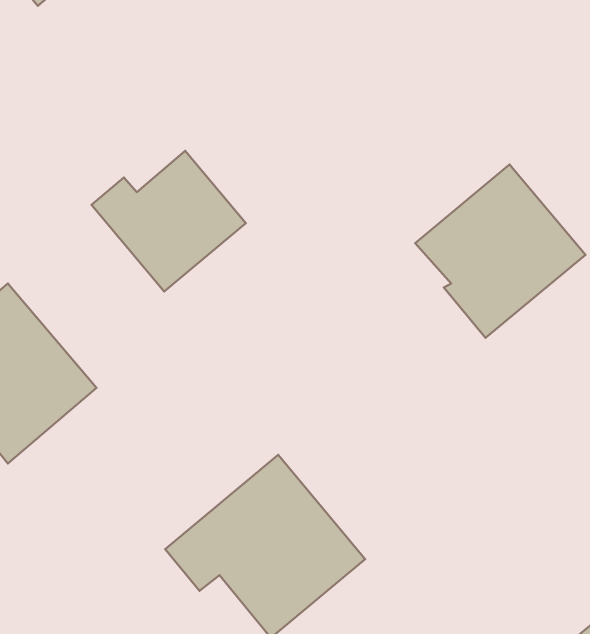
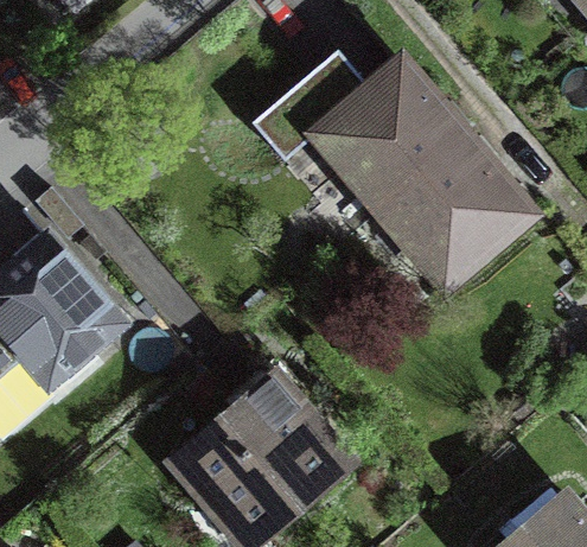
building: none -> [253,50,467,204]
building: [92,151,246,291] -> none

